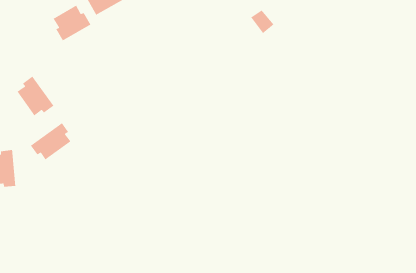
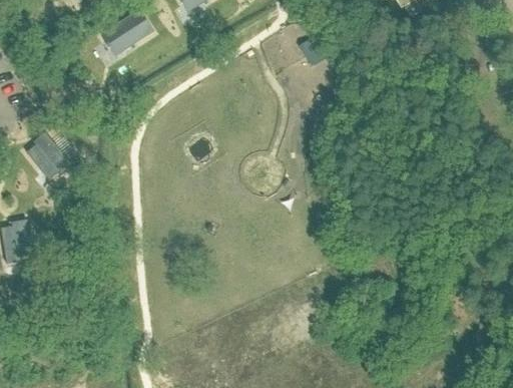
building: [53,4,92,42] -> none
building: [30,122,71,160] -> none

